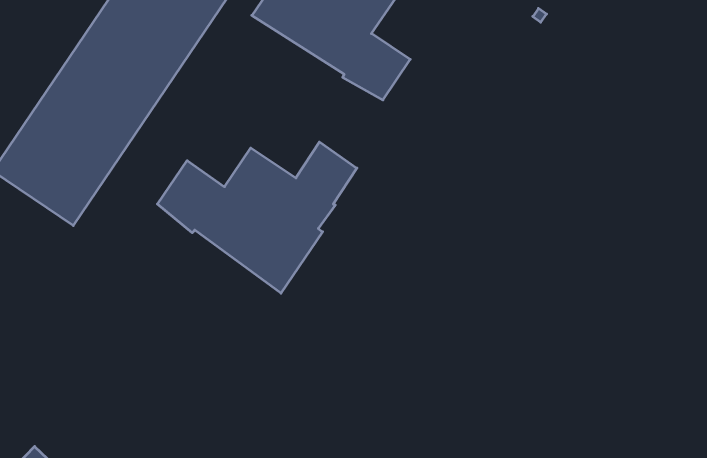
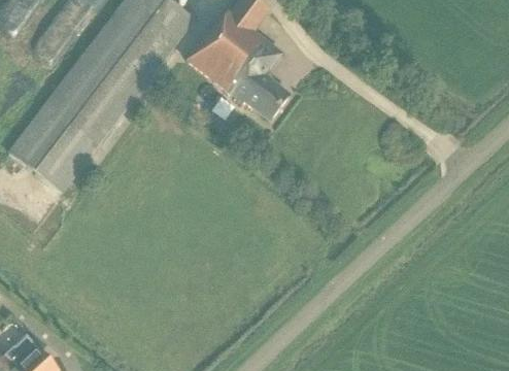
building: [157,142,357,293] -> none

